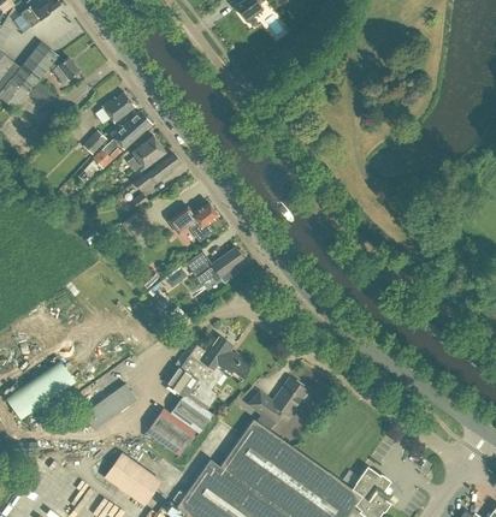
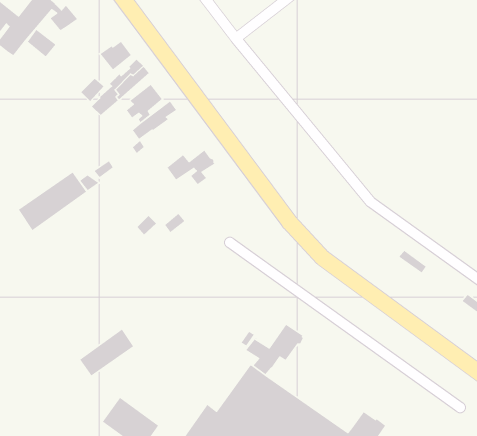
building: [187,249,242,285] -> none
building: [144,337,252,456] -> none
building: [7,359,77,420] -> [18,171,87,231]

